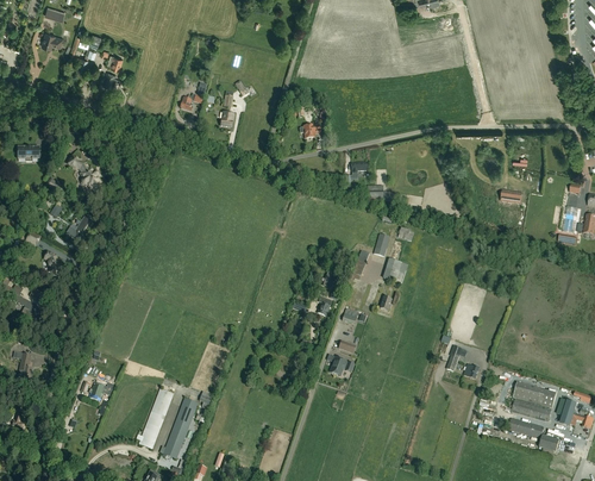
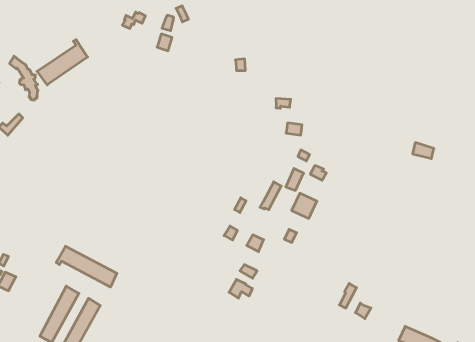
building: none -> [37,40,88,85]
building: none -> [56,246,117,287]

